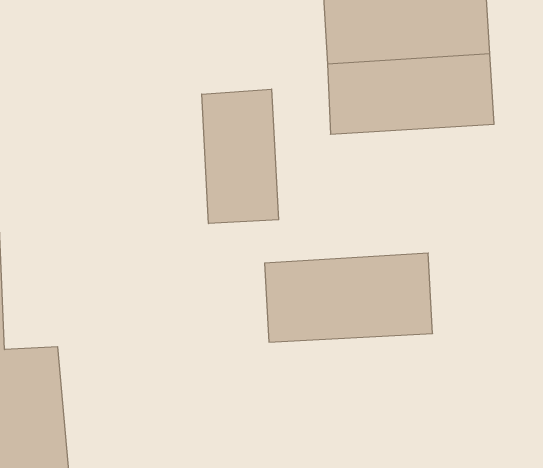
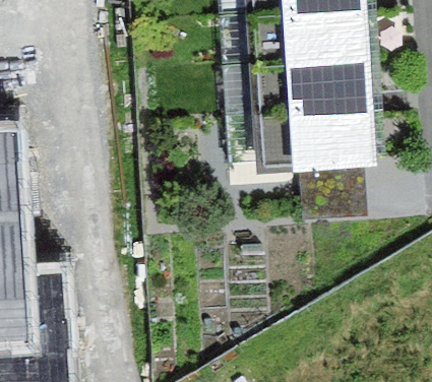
building: [202,89,279,224] -> none
building: [265,253,433,342] -> [252,103,371,166]

